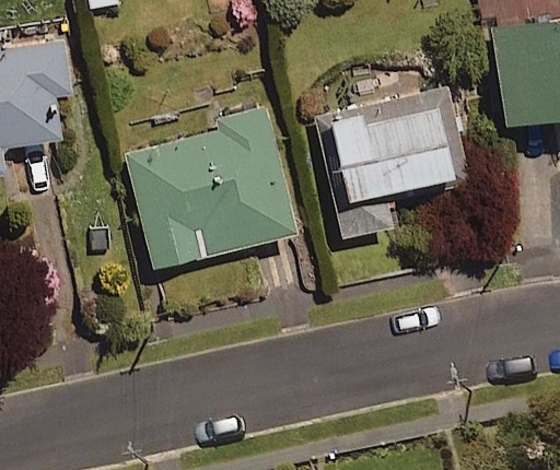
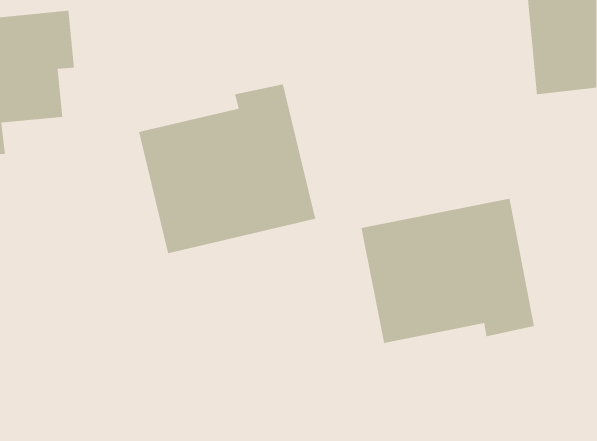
building: [320,90,467,237] -> none
building: none -> [361,198,535,344]

